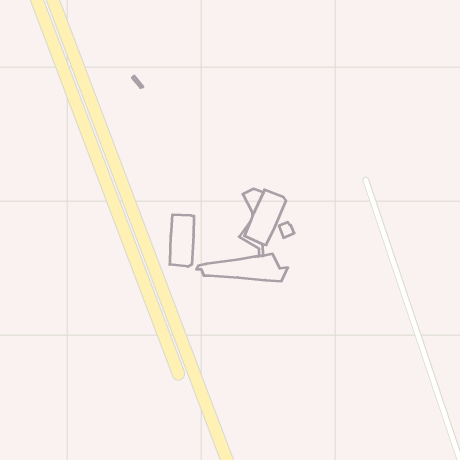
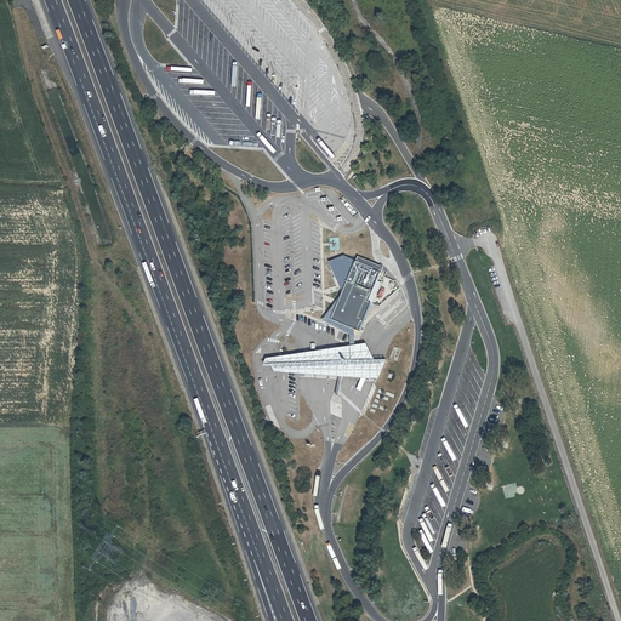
building: [170,215,194,267] -> none

